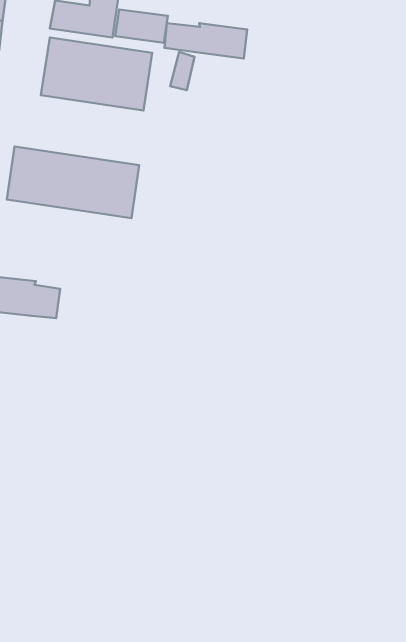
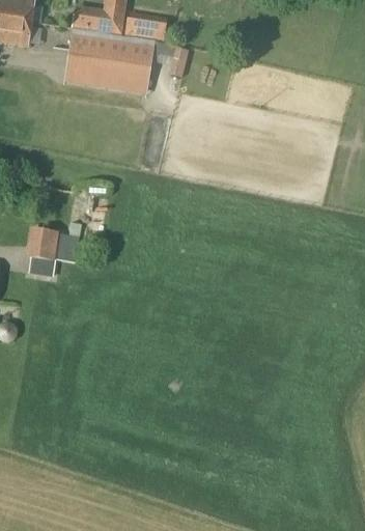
building: [164,23,247,58] -> none
building: [7,147,139,218] -> none

